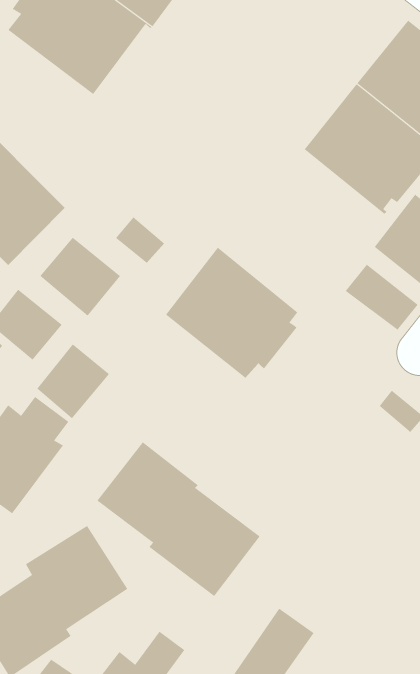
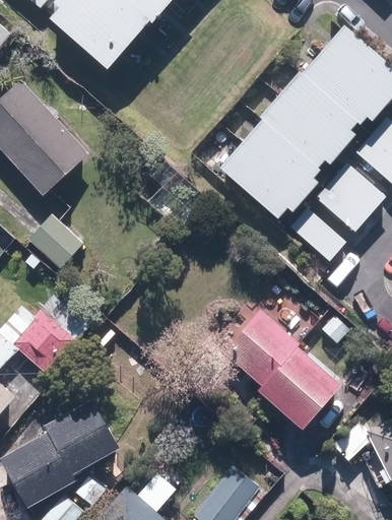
building: [39,237,121,316] -> none
building: [165,247,298,379] -> [226,123,325,221]
building: [36,344,110,419] -> none
building: [96,441,260,597] -> [212,311,332,429]

